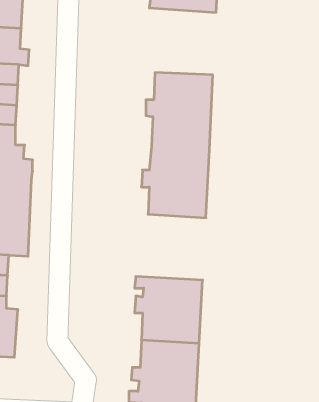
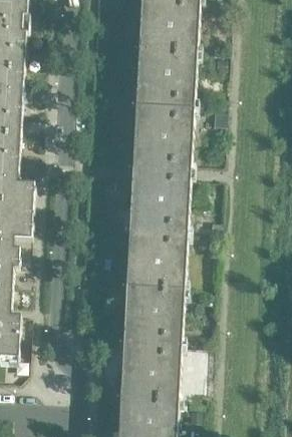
building: none -> [135,47,195,106]
building: none -> [123,230,186,288]

